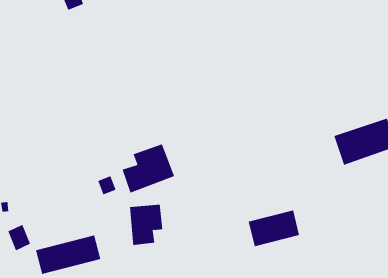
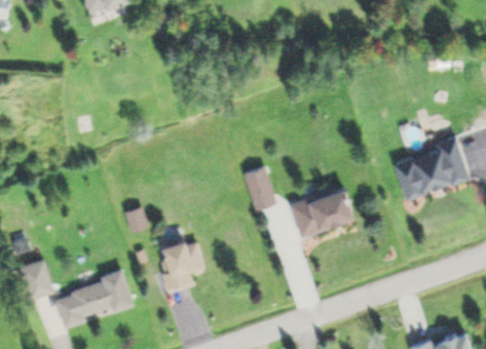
building: none -> [245,170,275,211]
building: [122,143,175,193] -> none
building: [248,210,300,247] -> [292,193,351,235]

